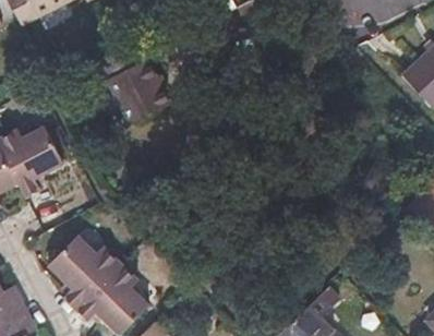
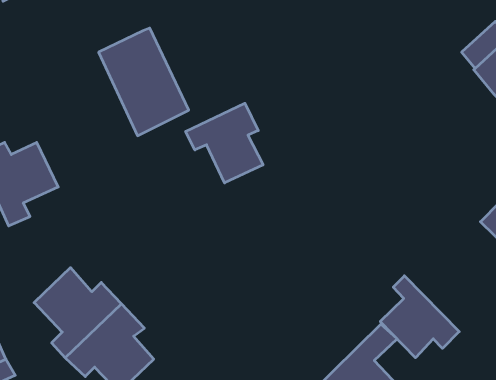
building: none -> [186,103,263,183]
building: none -> [380,276,459,358]

